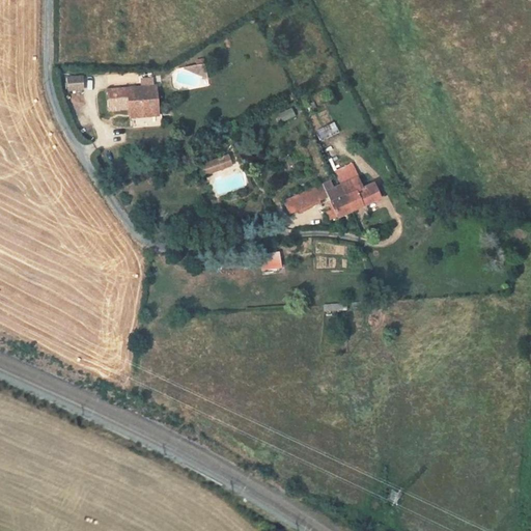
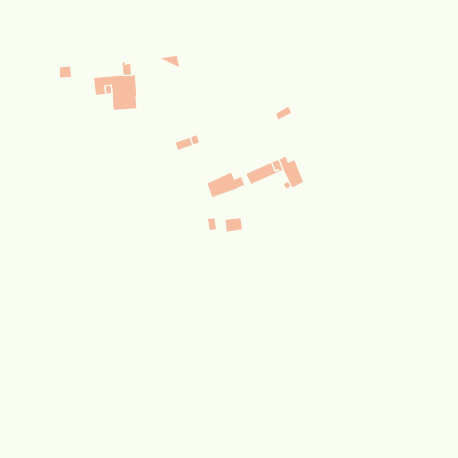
building: [335,164,381,211] -> none
building: none -> [207,172,245,198]

